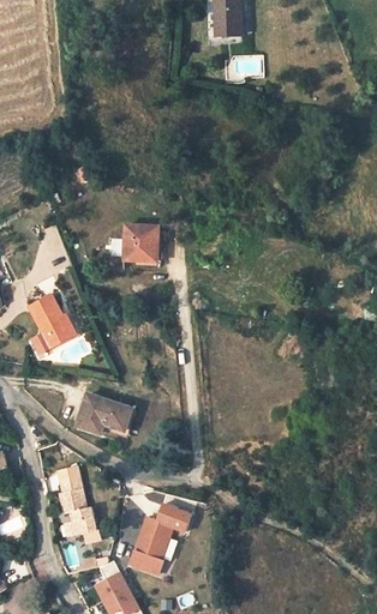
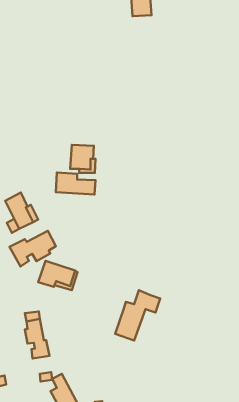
building: none -> [56,172,96,195]
building: none -> [9,231,56,267]
building: [130,500,196,573] -> [115,290,160,340]

